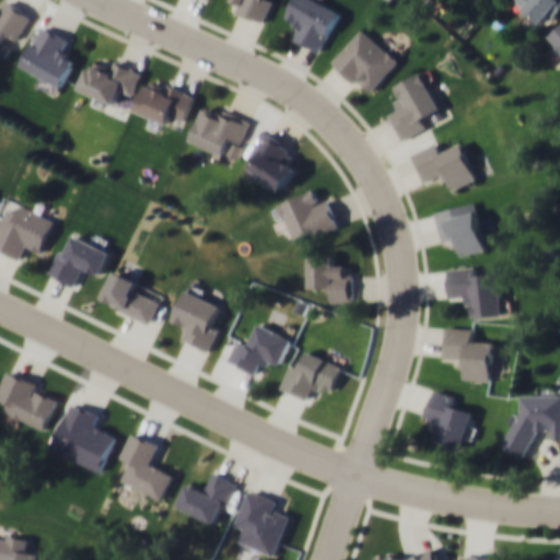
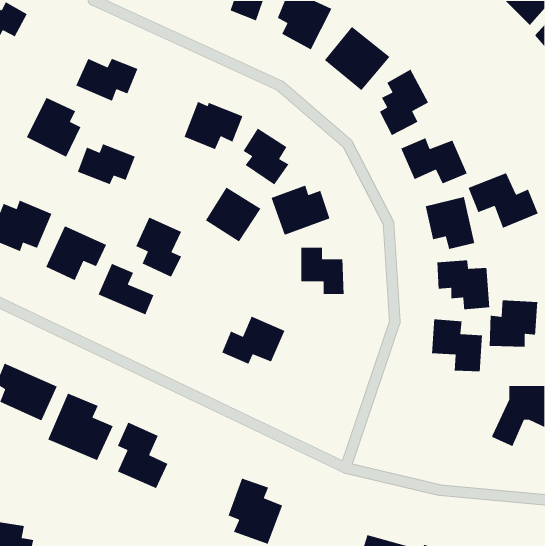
building: [18,26,74,89] -> [26,97,82,158]
building: [133,82,194,125] -> [77,143,136,185]
building: none -> [467,172,539,229]
building: none -> [205,187,261,243]
building: [170,289,218,351] -> [135,217,182,278]
building: none -> [489,299,538,348]
building: [279,352,341,400] -> none
building: [422,389,476,451] -> none
building: [175,471,236,526] -> none

